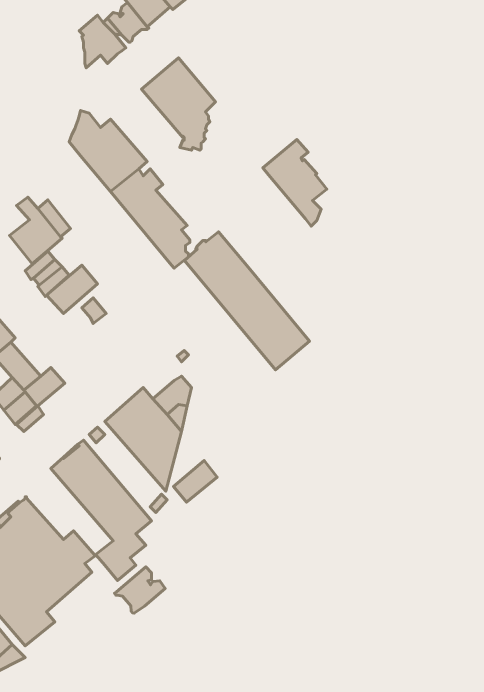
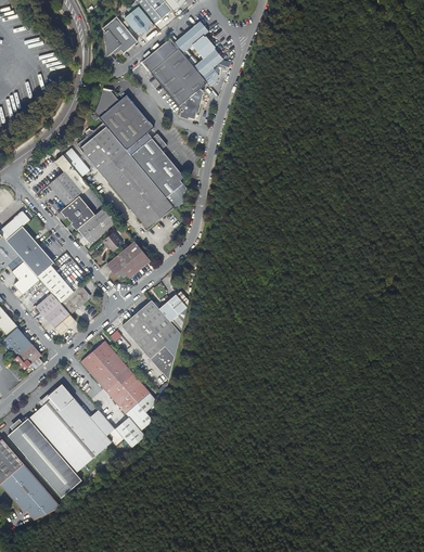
building: [263,139,327,226] -> [172,21,221,87]
building: [184,232,310,370] -> [76,123,171,228]
building: none -> [105,241,150,278]
building: [173,460,217,502] -> none
building: [115,567,165,613] -> none

